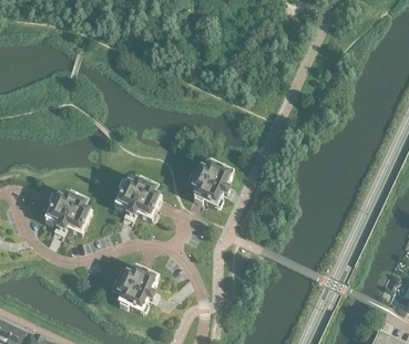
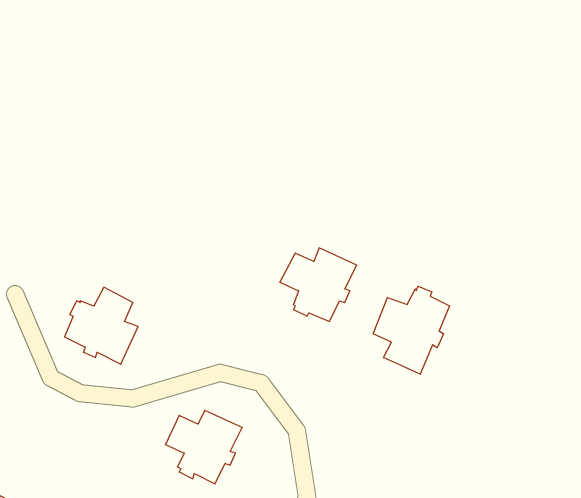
building: [113,173,162,222] -> none
building: none -> [373,286,450,374]

